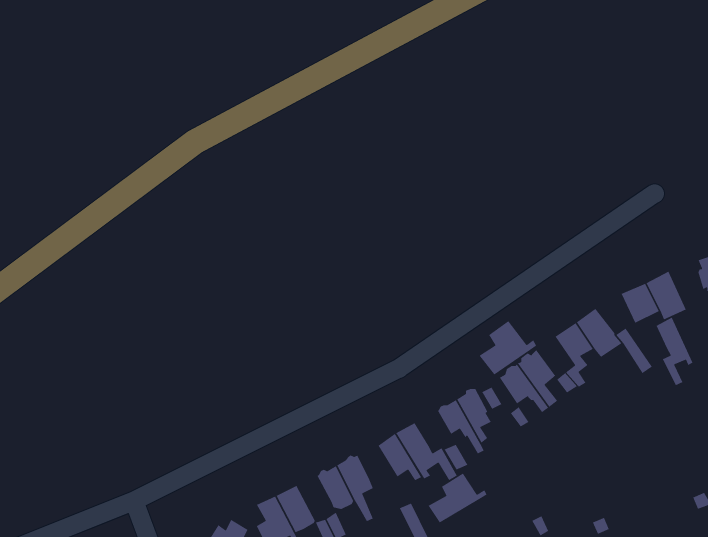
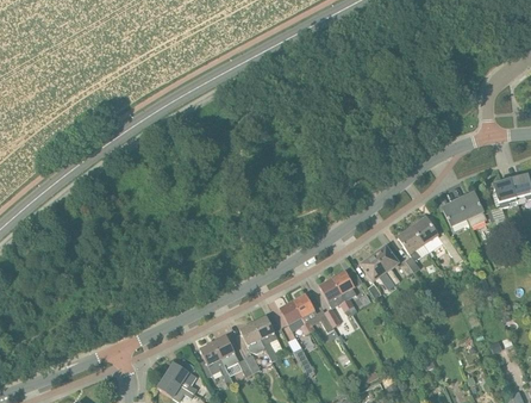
building: [655,316,694,386] -> none
building: [479,320,537,376] -> none
building: [428,473,487,523] -> none

